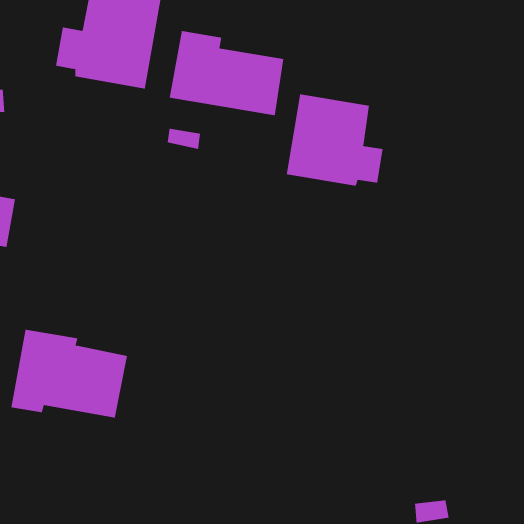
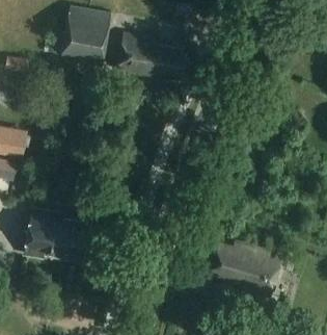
building: [286,93,383,186] -> none
building: none -> [207,241,280,295]

